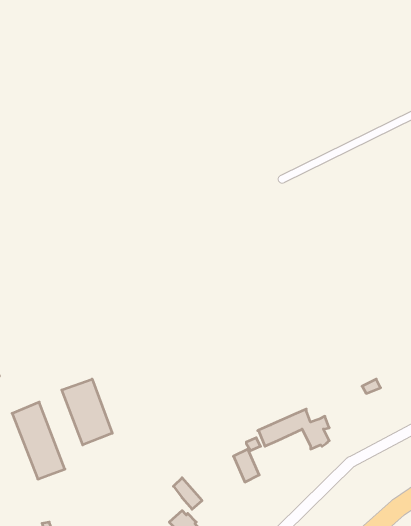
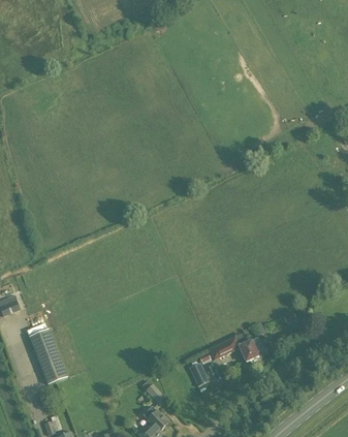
building: [62,379,112,445] -> none

